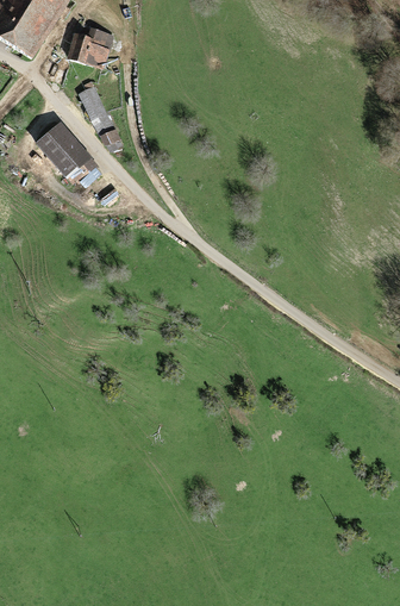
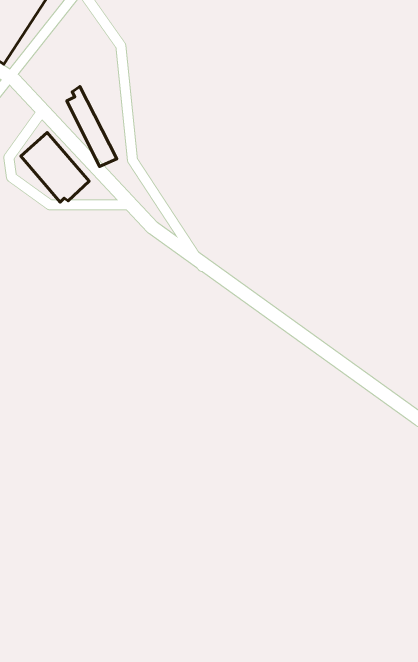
building: [69,27,112,62] -> none

